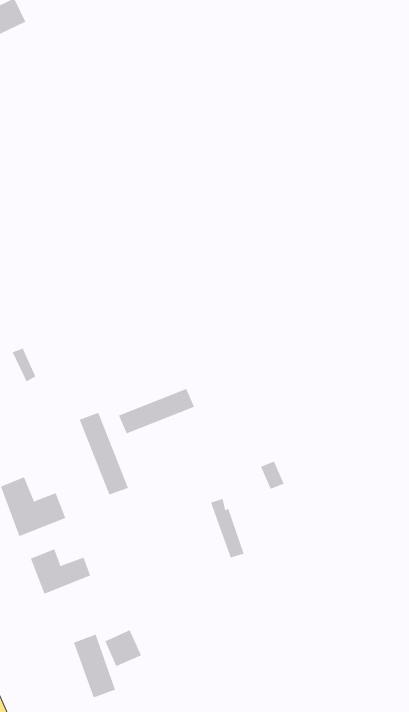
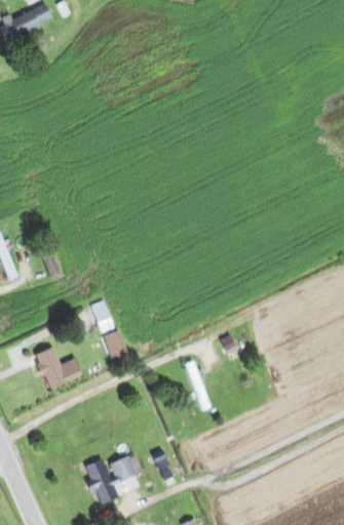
building: [118,388,195,434] -> none
building: [30,549,91,595] -> none

